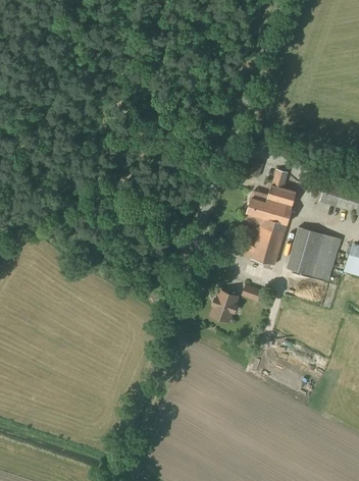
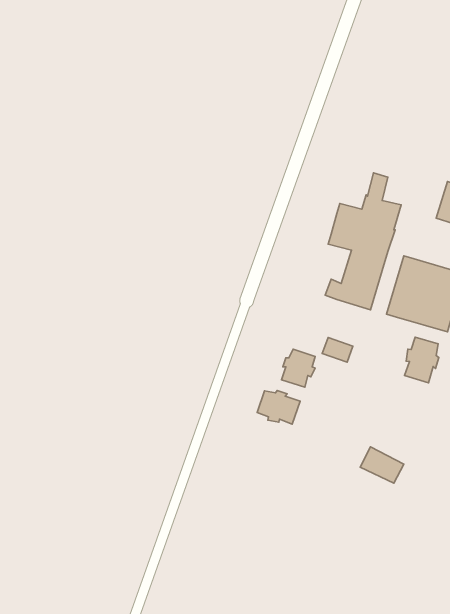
building: none -> [404,337,439,383]
building: none -> [257,391,300,424]

